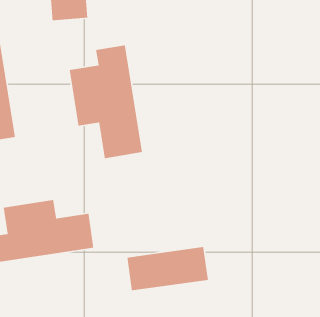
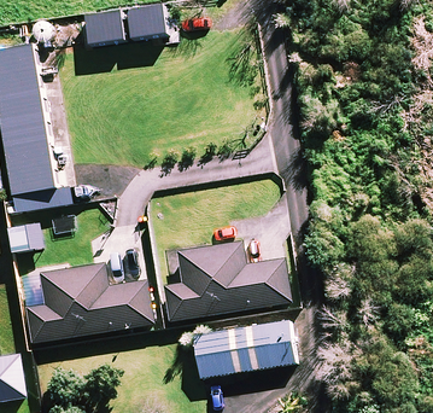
building: [69,44,143,159] -> none
building: none -> [165,240,291,320]

